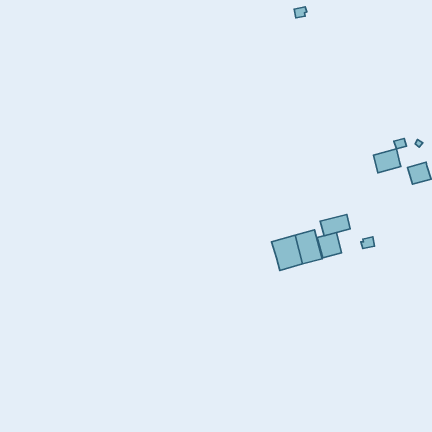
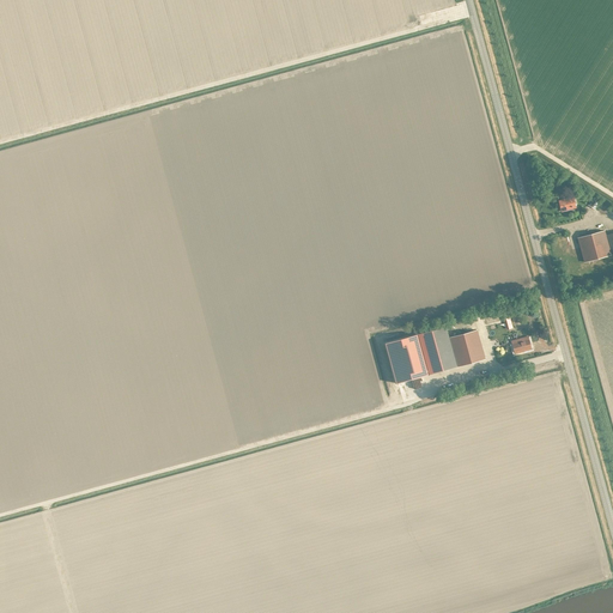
building: [373,149,401,173] -> none
building: [320,215,350,236] -> none

